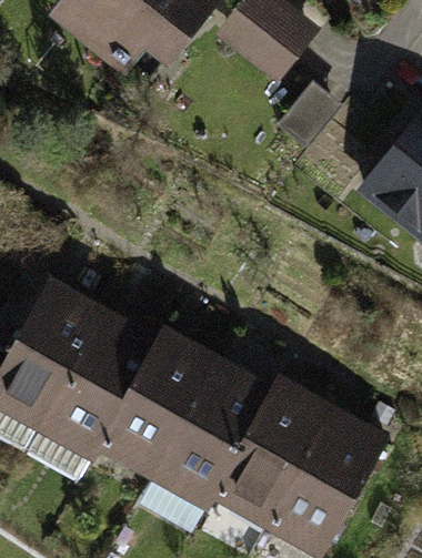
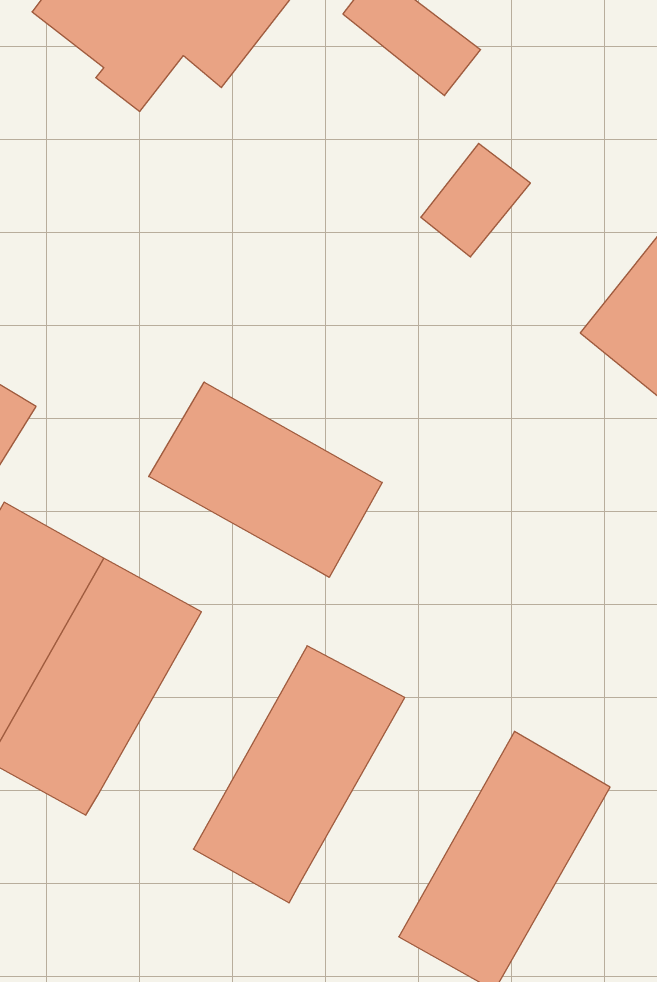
building: none -> [149,382,382,577]
building: [98,336,214,479] -> none
building: [211,384,330,528] -> none

